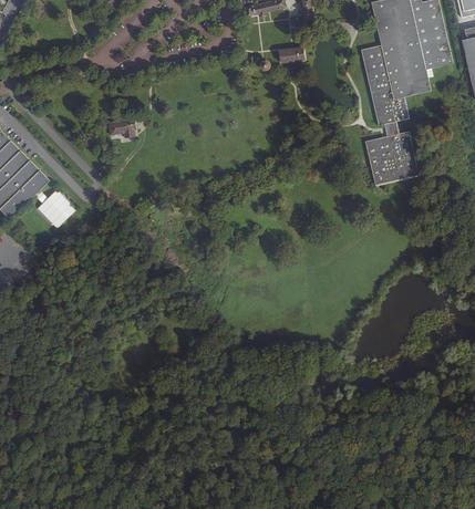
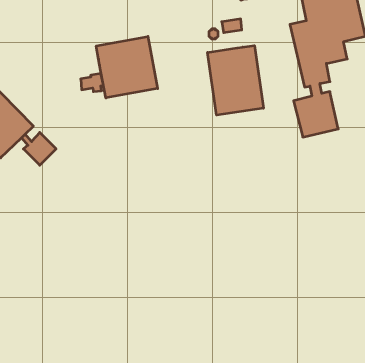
building: none -> [96,36,158,98]
building: none -> [208,46,263,115]

